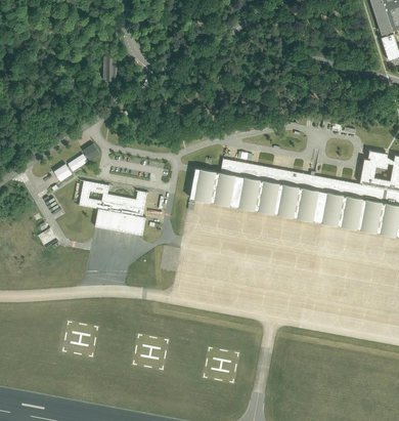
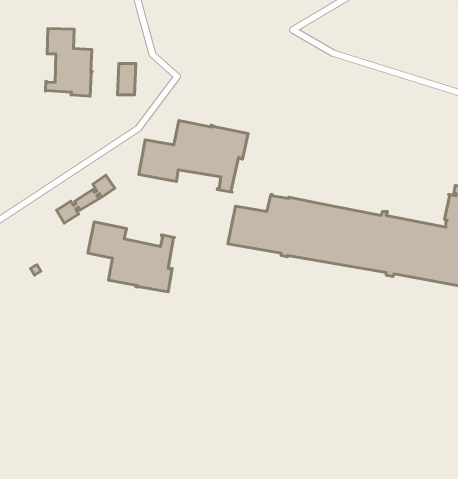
building: none -> [45,29,92,96]
building: none -> [139,120,248,192]

